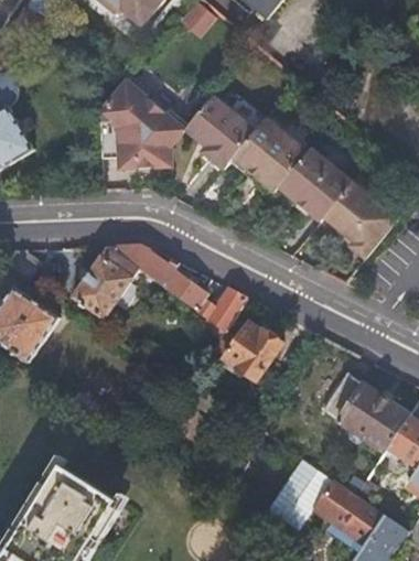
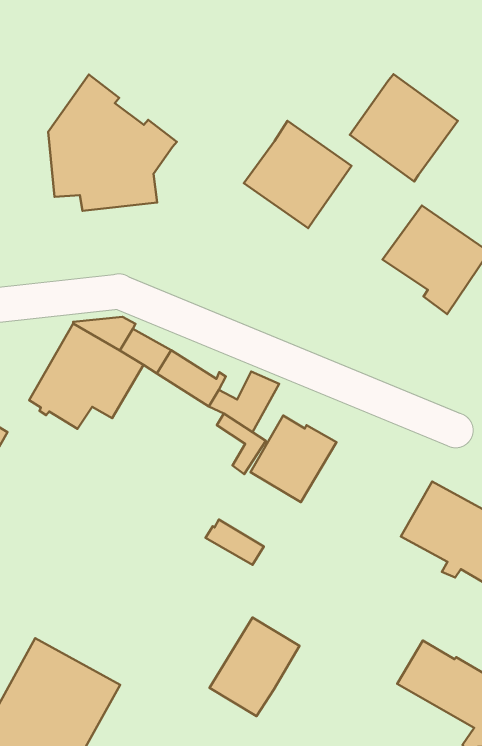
building: [184,95,255,170] -> none
building: [278,147,353,222] -> [350,74,458,181]
building: [268,460,332,528] -> [210,617,299,716]

